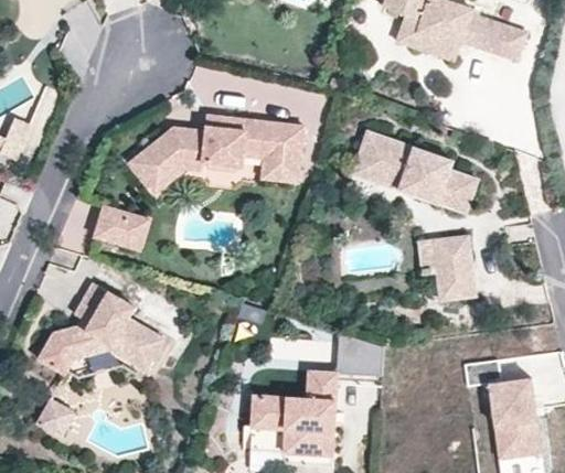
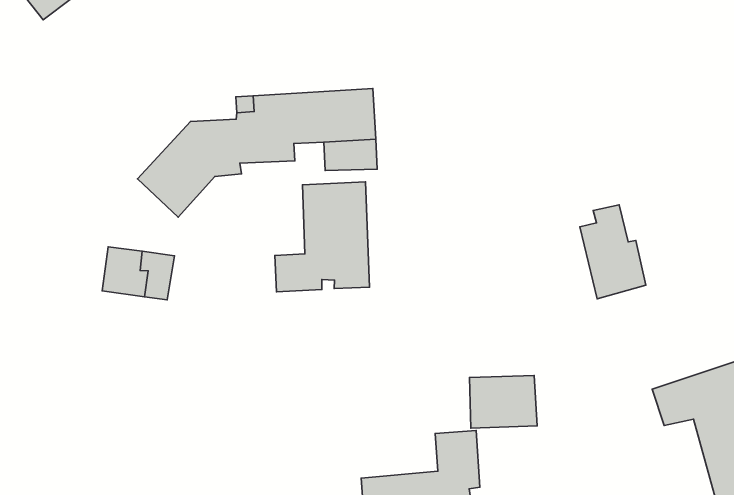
building: [358,130,477,211] -> none
building: none -> [275,182,369,292]
building: [39,282,163,372] -> none

